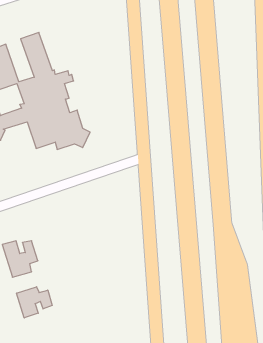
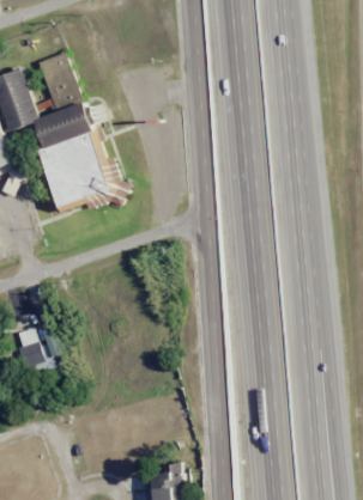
building: [17,287,52,318] -> none

